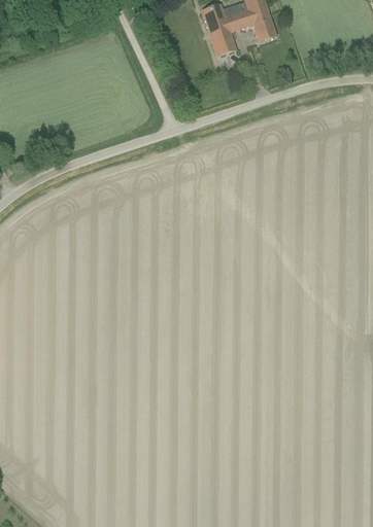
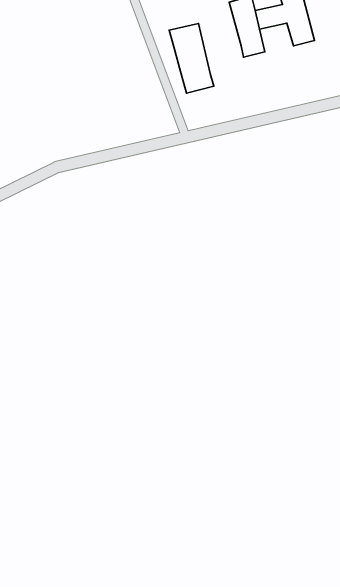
building: none -> [169,24,214,93]

